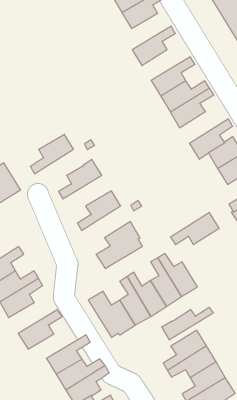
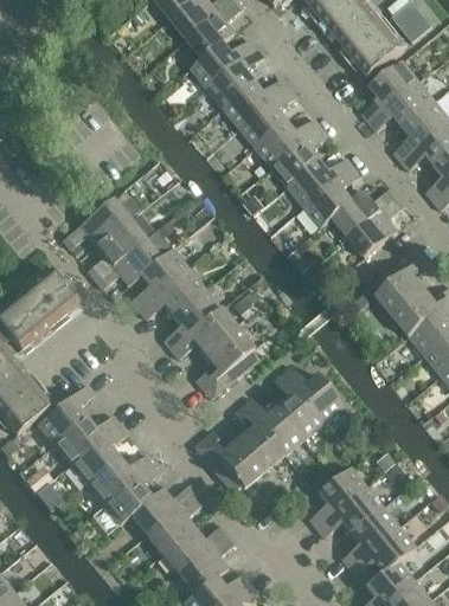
building: none -> [190,39,256,89]
building: none -> [223,78,288,128]
building: none -> [287,157,353,208]
building: none -> [62,198,128,249]
building: none -> [94,238,160,289]
building: none -> [137,269,204,318]
building: [170,212,219,245] -> [169,308,236,359]
building: none -> [84,454,150,504]
building: [162,307,213,340] -> none
building: none -> [129,484,195,534]

